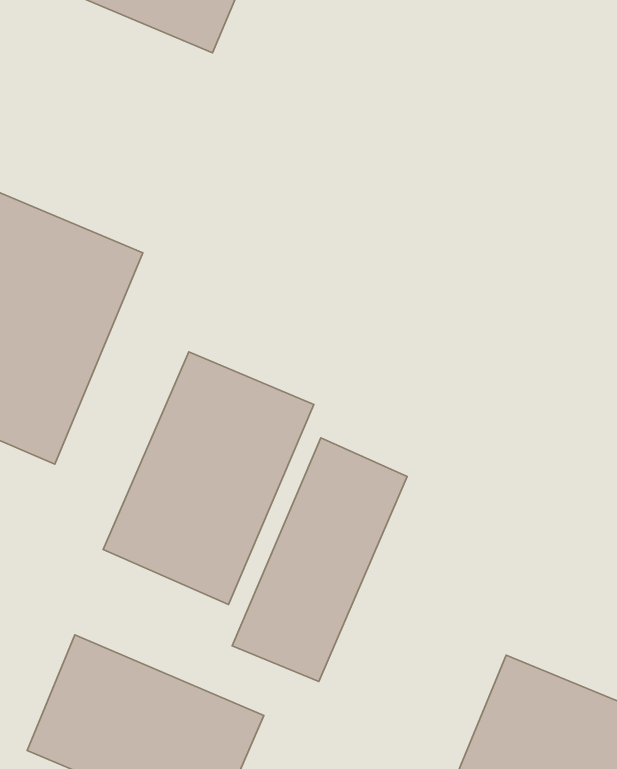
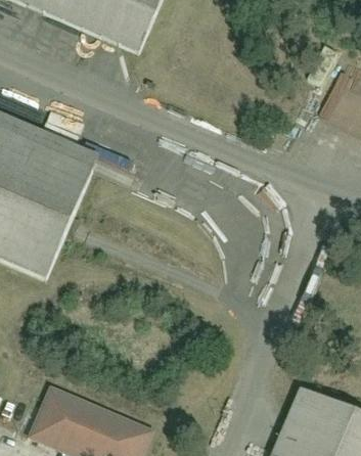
building: [103,352,314,605] -> none
building: [232,438,407,682] -> none

